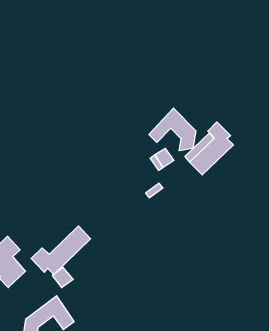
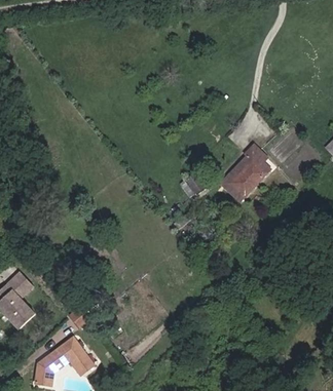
building: [149,108,196,151] -> none
building: [31,226,91,274] -> none

